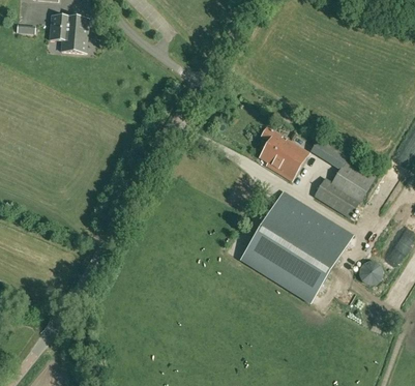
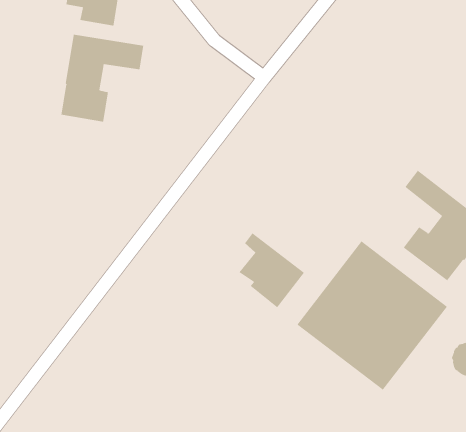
building: none -> [61,34,144,122]
building: [260,126,308,180] -> [239,233,305,308]

